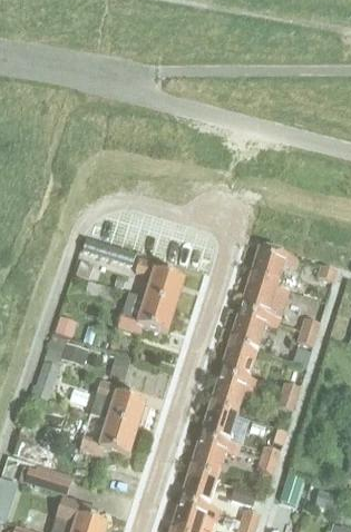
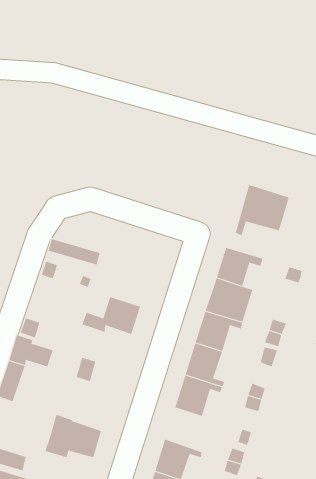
building: none -> [235,184,289,236]
building: [135,256,184,305] -> none
building: [90,380,145,428] -> none
building: [198,405,238,450] -> none

